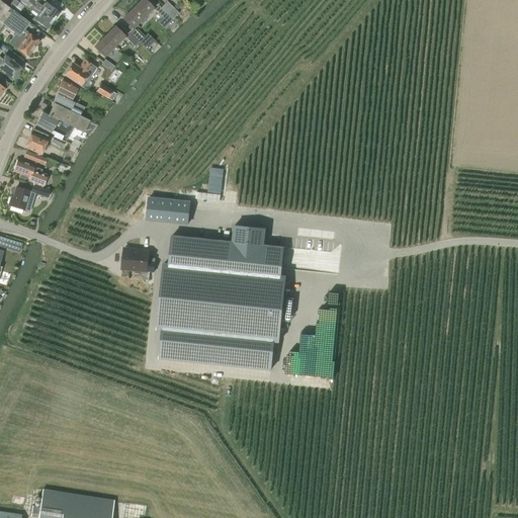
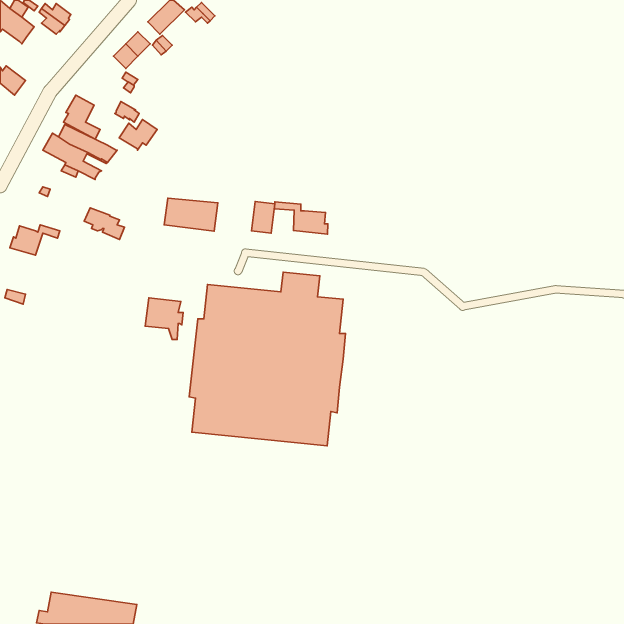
building: [9,30,38,57] -> none
building: [65,60,96,85] -> [119,120,157,150]
building: [25,130,49,155] -> none
building: [13,160,47,186] -> [84,208,124,240]
building: none -> [275,202,328,234]
building: [147,196,191,224] -> [164,198,218,231]

